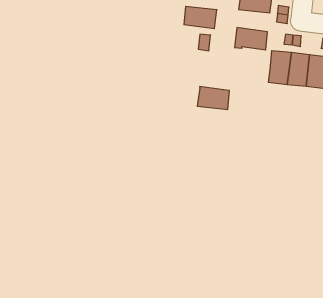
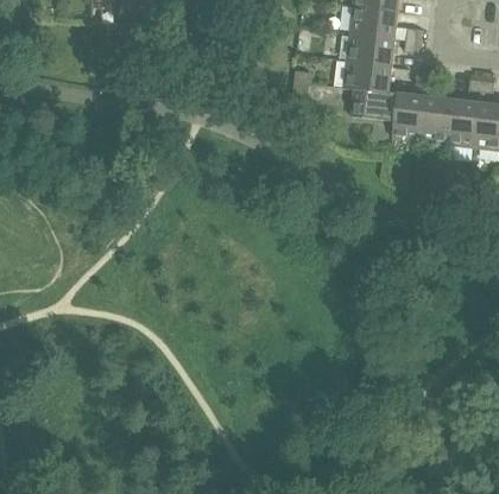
building: [184,6,217,29] -> [347,32,394,64]
building: [197,87,229,110] -> [350,86,397,119]

